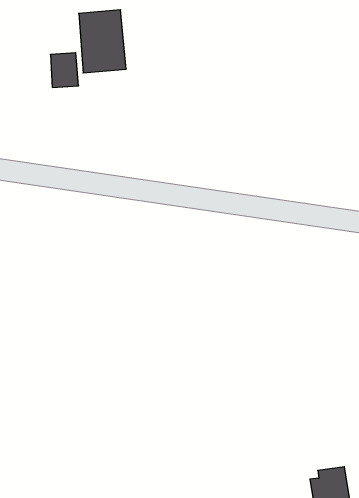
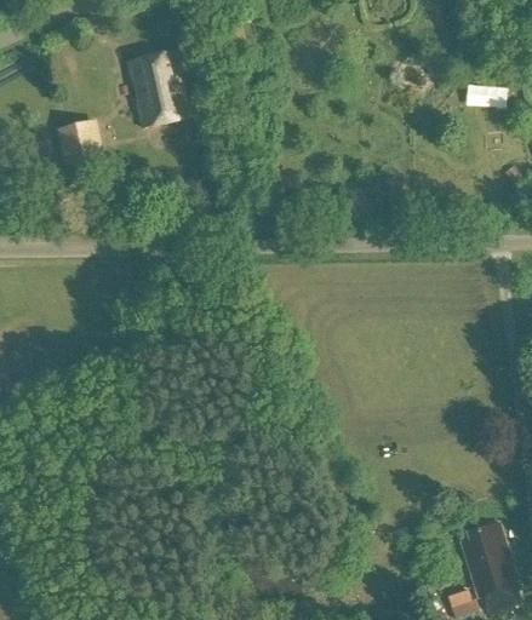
building: [50,53,79,87] -> [58,121,95,163]

